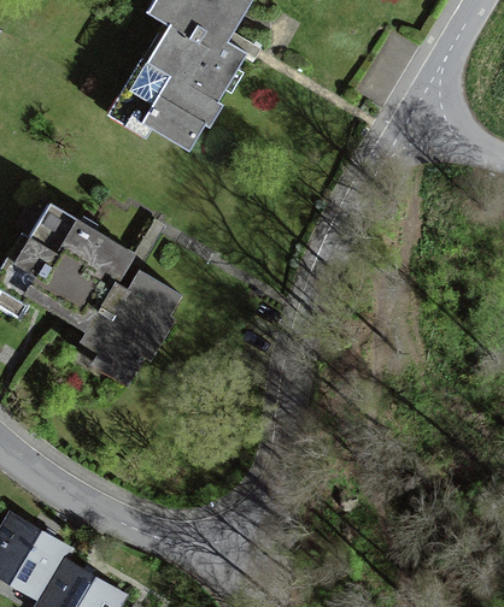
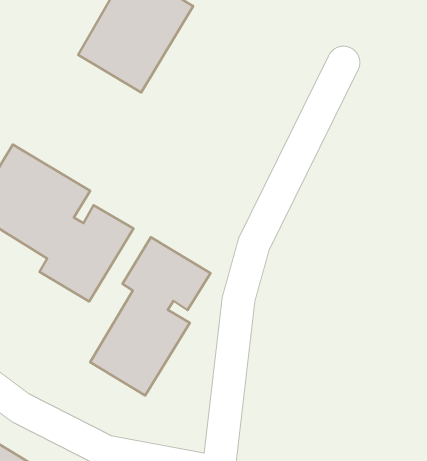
building: none -> [90,237,210,396]

